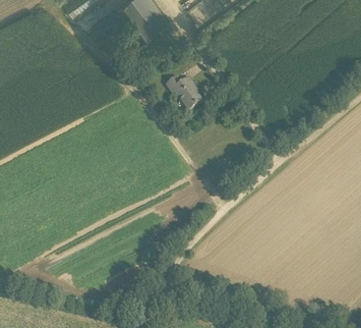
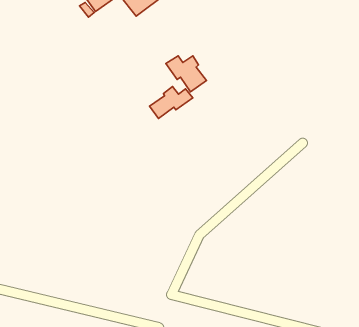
building: none -> [150,87,193,119]

